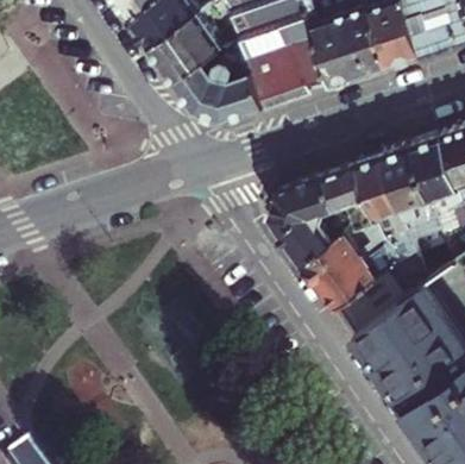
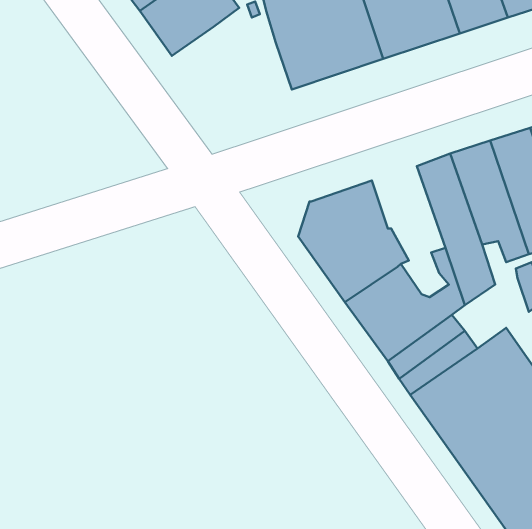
building: [174,61,263,120] -> none
building: [322,164,377,234] -> none

